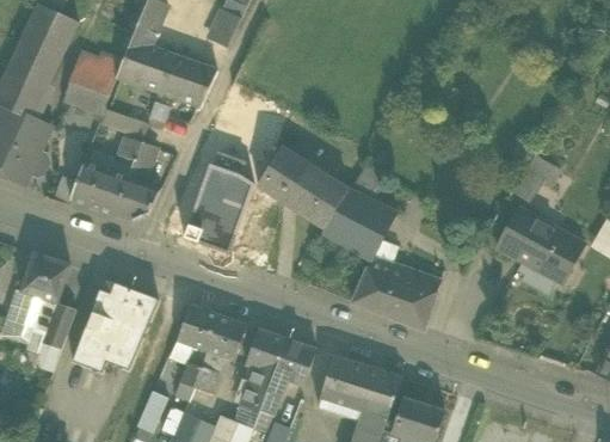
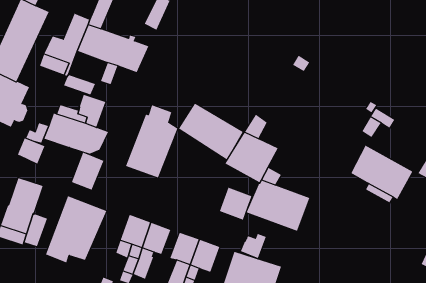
building: none -> [17,138,45,165]
building: none -> [71,152,104,191]
building: none -> [219,187,252,220]
building: none -> [240,233,267,259]

